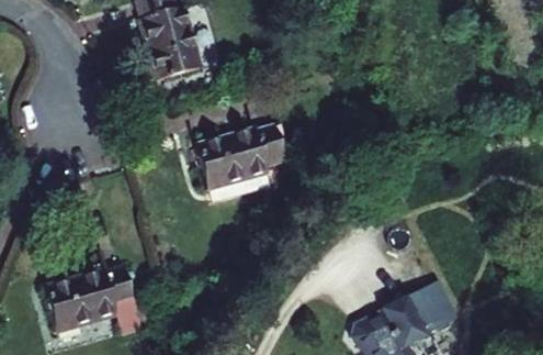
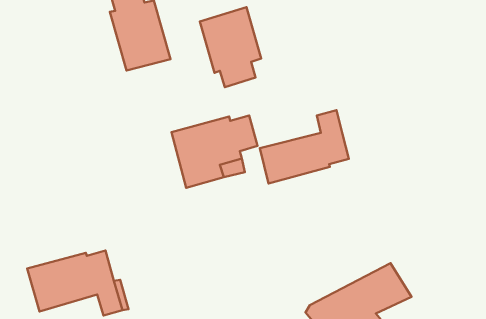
building: none -> [200,7,261,87]
building: none -> [260,110,349,184]

